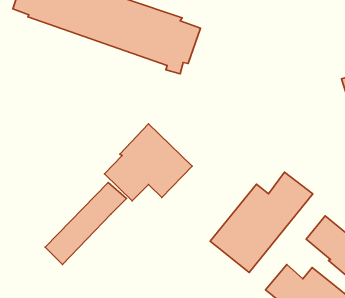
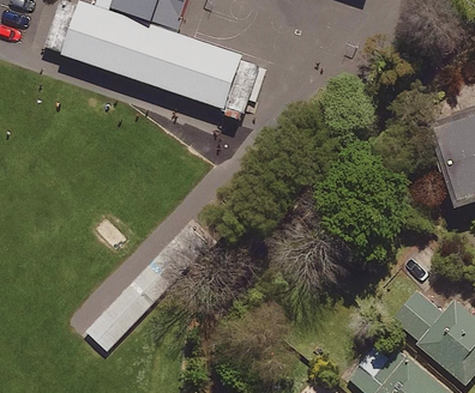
building: [104,124,192,201] -> none
building: [210,172,313,273] -> none

